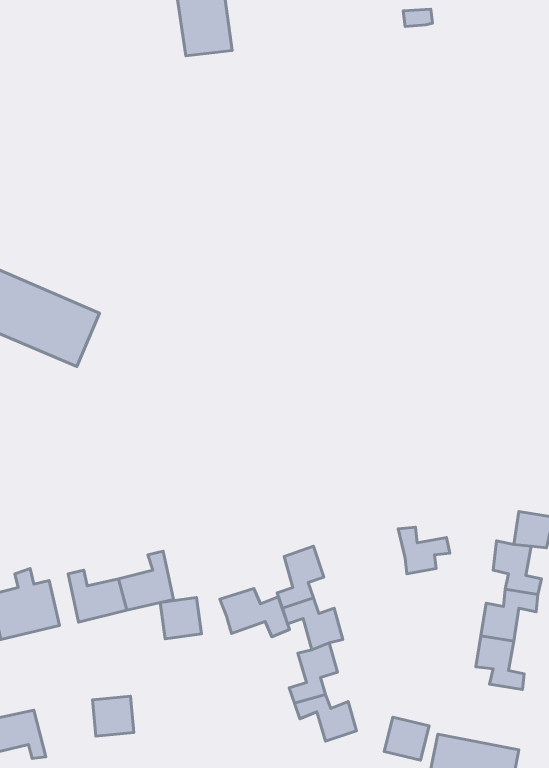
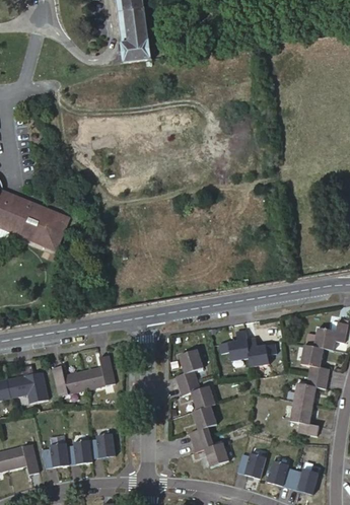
building: none -> [220,333,251,362]
building: [220,589,290,637] -> none
building: [160,597,202,639] -> [89,432,114,456]
building: none -> [42,441,68,466]

